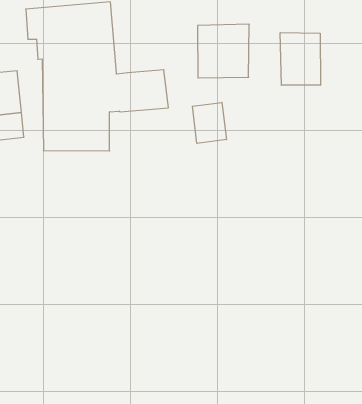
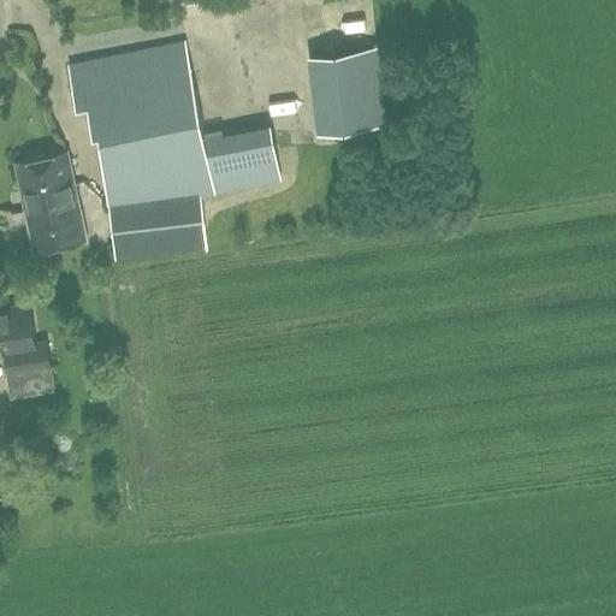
building: [280,33,320,85] -> none
building: [192,102,226,143] -> none

